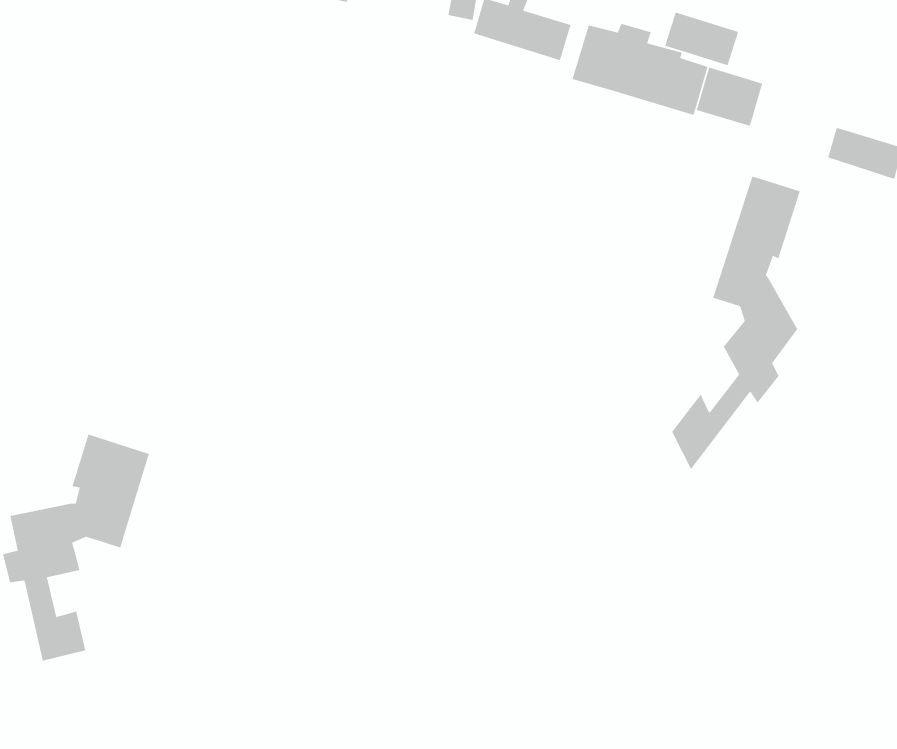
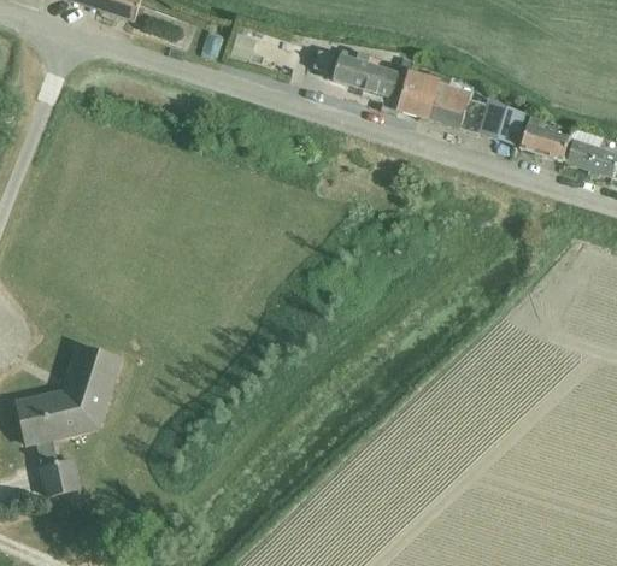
building: [664,11,739,66] -> [519,123,569,159]
building: [671,175,801,471] -> none

